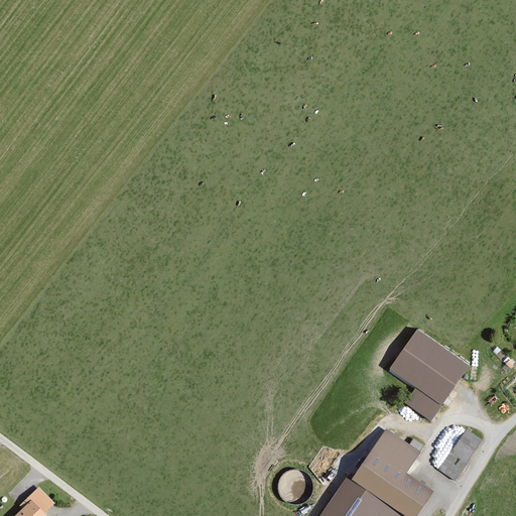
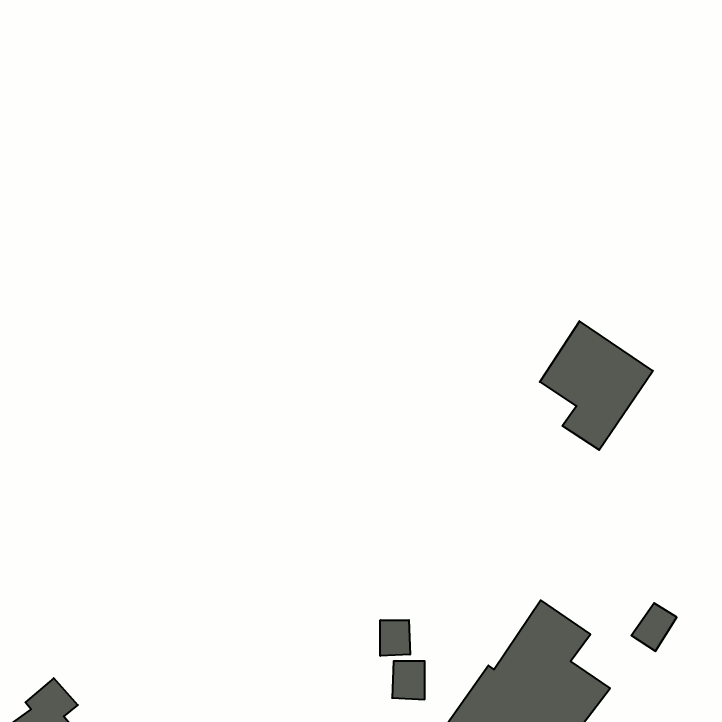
building: [388,330,469,421] -> [540,321,653,450]
building: none -> [380,620,410,656]

